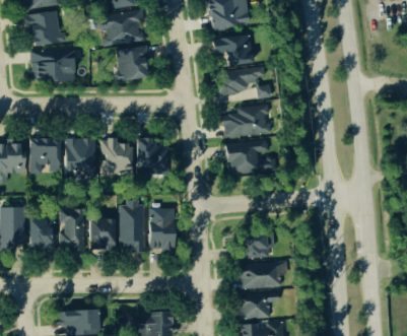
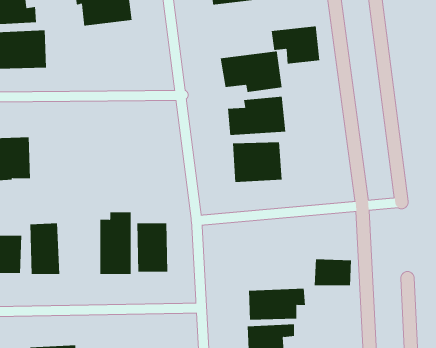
building: [212,33,253,65] -> [271,26,320,64]
building: [115,46,149,80] -> none
building: [101,137,132,175] -> none
building: [136,137,168,174] -> none
building: [65,138,97,181] -> none
building: [89,218,115,249] -> none
building: [244,233,275,256] -> [314,259,352,286]

